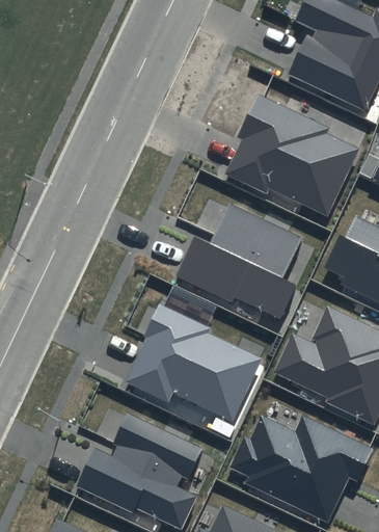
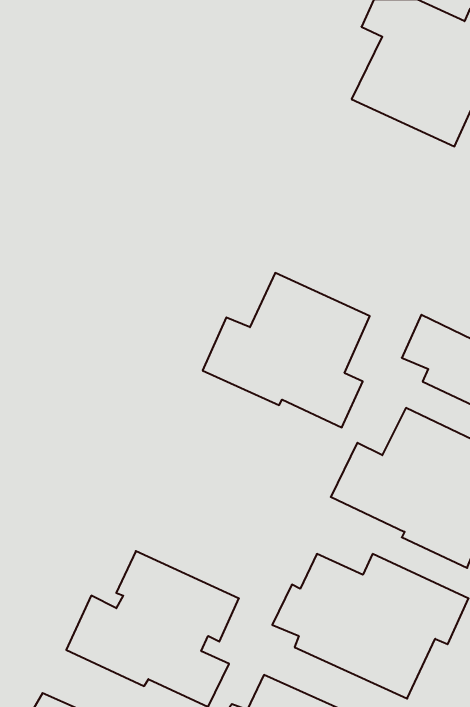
building: [225,94,359,216] -> none
building: [125,304,262,421] -> none

